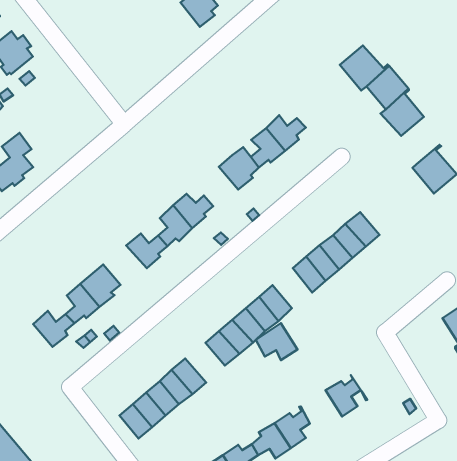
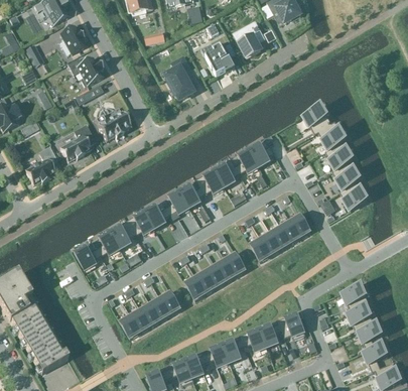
building: none -> [165,58,195,99]
building: none -> [95,111,131,140]
building: none -> [332,158,360,188]
building: none -> [195,168,223,193]
building: none -> [126,210,154,235]
building: [256,323,297,360] -> [240,327,266,351]
building: none -> [276,311,305,340]

